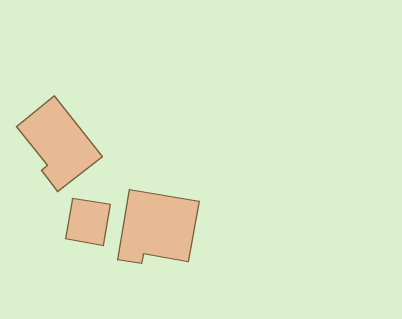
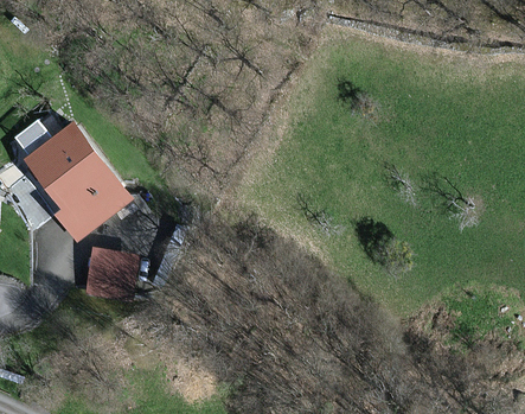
building: [118,189,199,263] -> none

